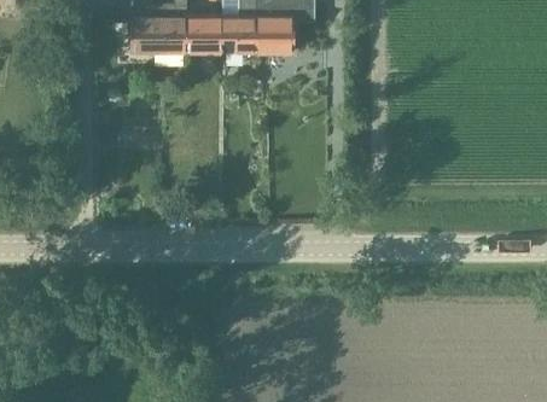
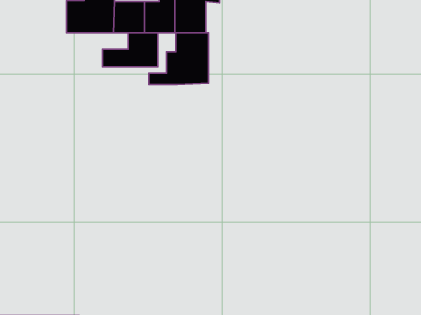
building: none -> [102,33,158,67]
building: none -> [149,33,209,84]

